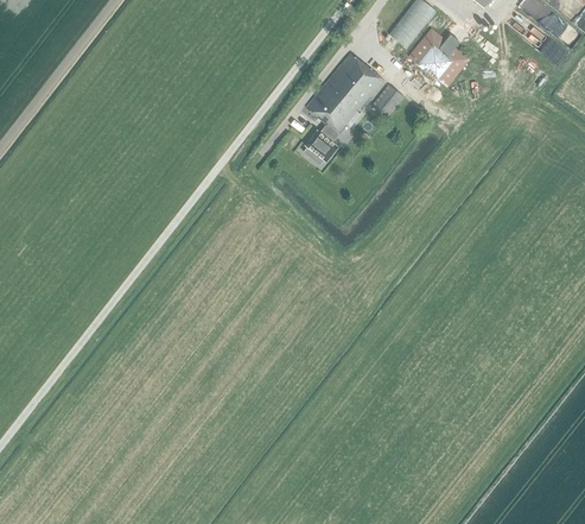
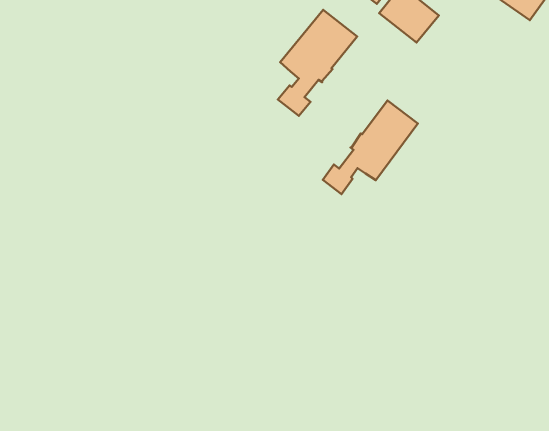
building: [371,83,403,116] -> none
building: none -> [323,100,418,194]

